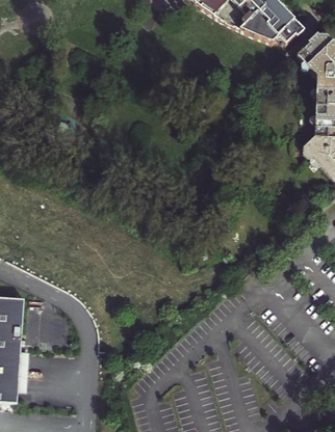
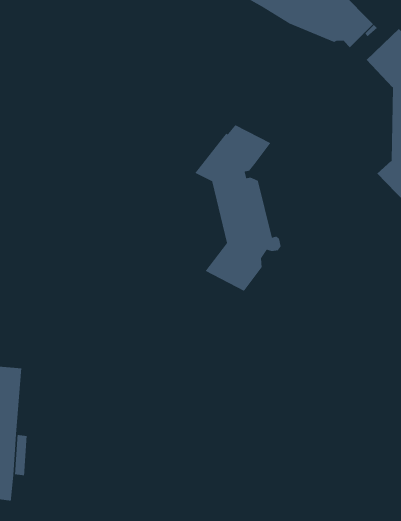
building: none -> [194,124,282,292]

